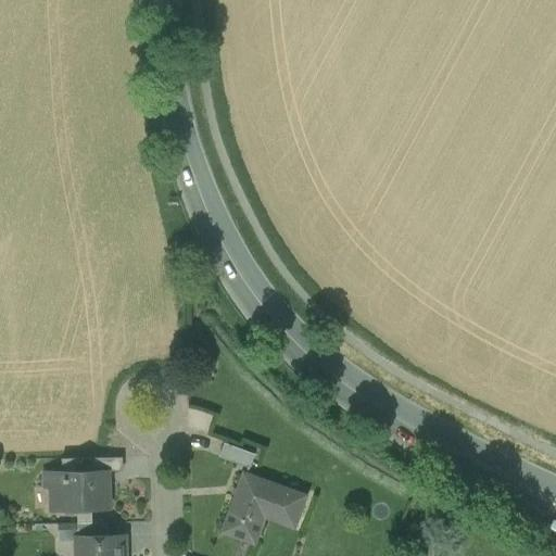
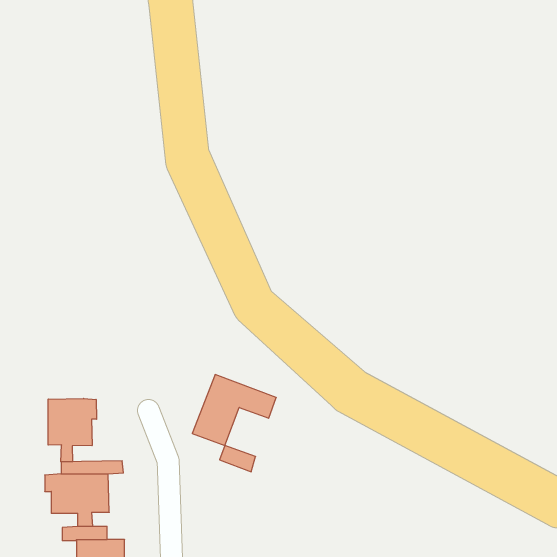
building: none -> [48,398,97,462]
building: [222,475,305,545] -> [192,375,276,446]

